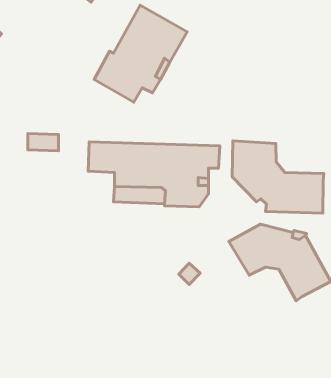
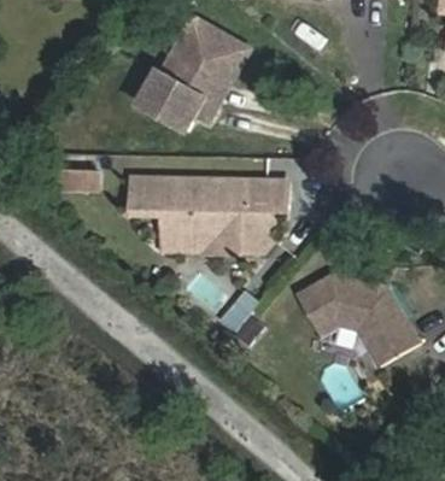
building: [232,141,324,213] -> none

